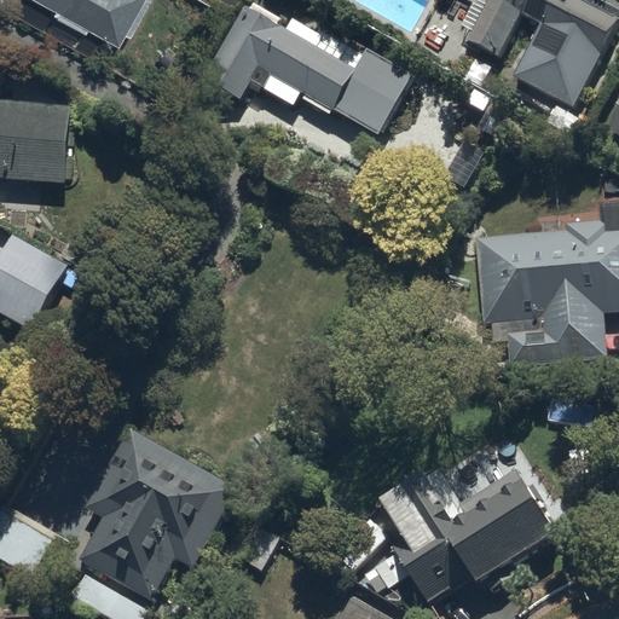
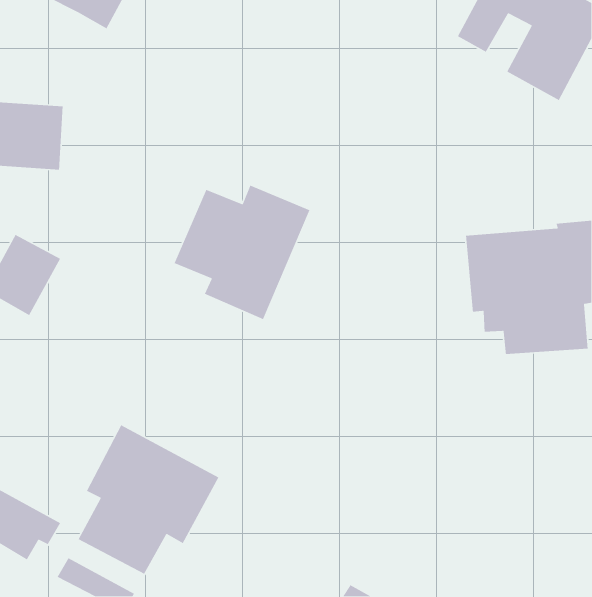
building: [202,5,409,132] -> none
building: none -> [174,185,310,320]
building: [386,470,555,601] -> none

